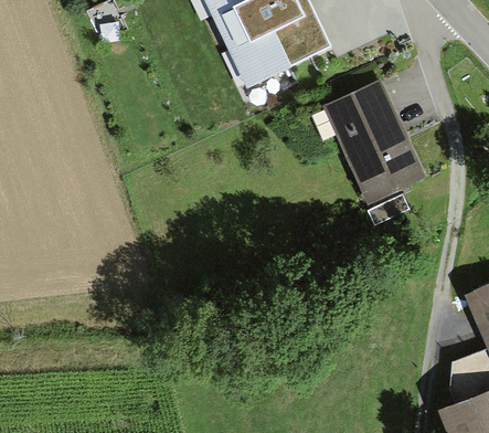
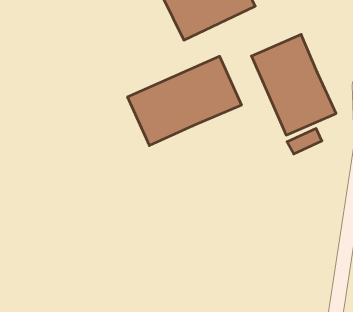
building: none -> [128,56,241,146]

